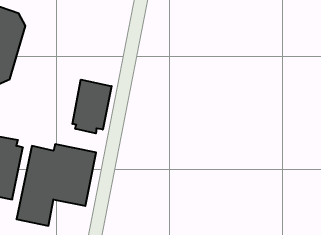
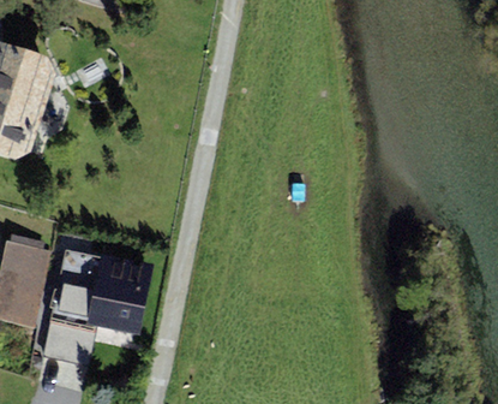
building: [72,80,112,133] -> none

